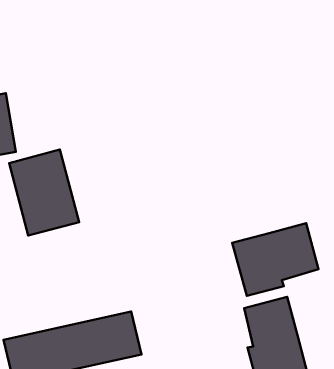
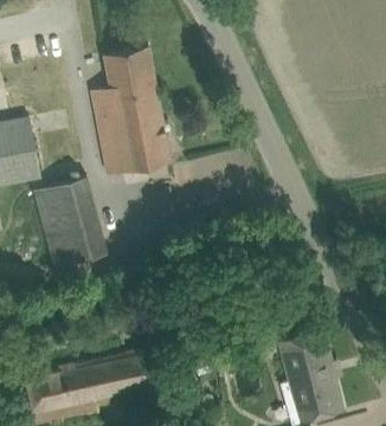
building: none -> [88,47,169,175]
building: [232,223,318,296] -> none

